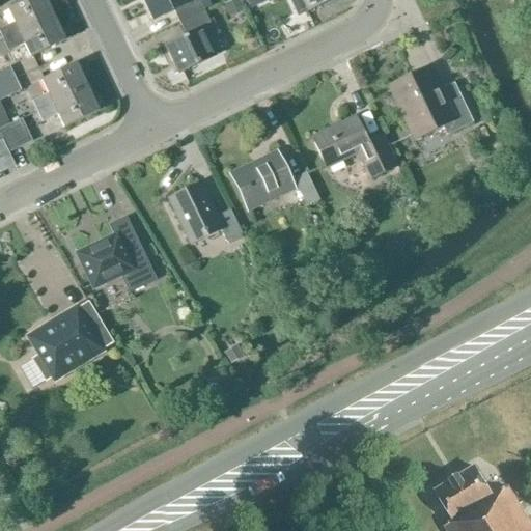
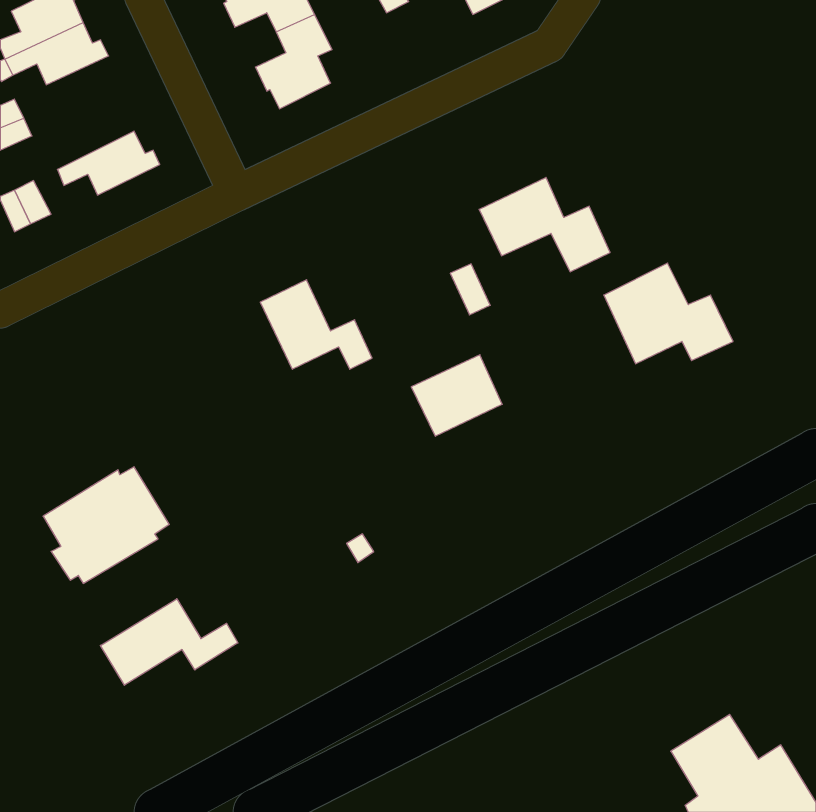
building: [32,59,87,110] -> none
building: [388,69,472,135] -> [604,263,733,364]
building: [232,153,291,206] -> [411,355,502,436]
building: [78,218,153,288] -> none
building: none -> [100,599,238,685]

